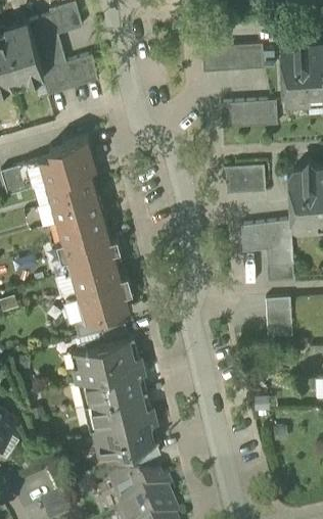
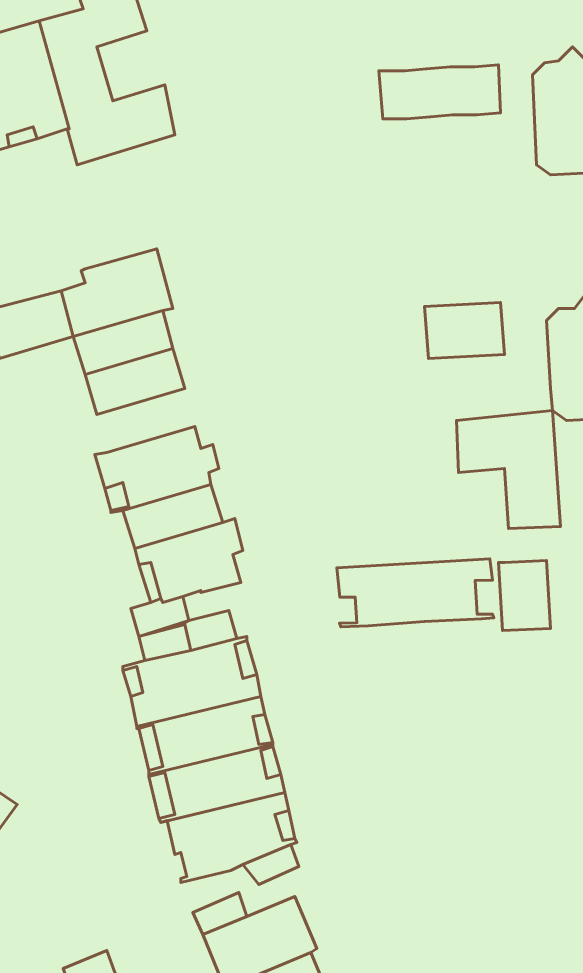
building: [222,101,272,128] -> none
building: [57,209,107,242] -> none
building: none -> [337,559,494,627]

